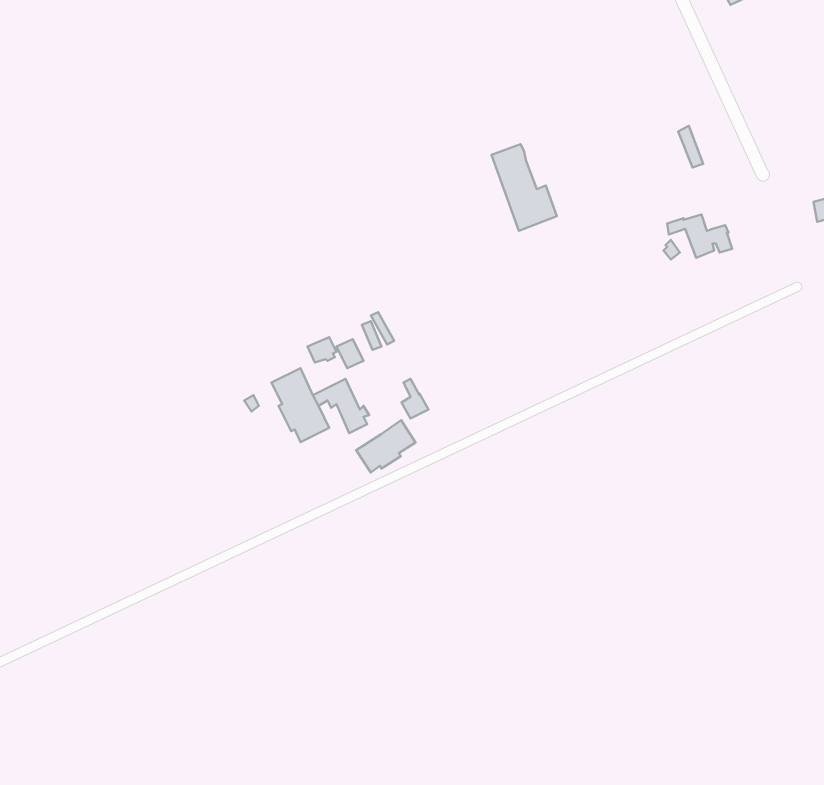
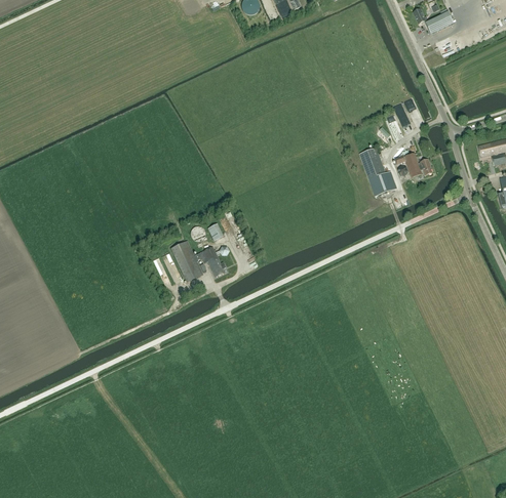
building: [492,144,557,231] -> [359,147,396,196]
building: [356,420,415,472] -> none

